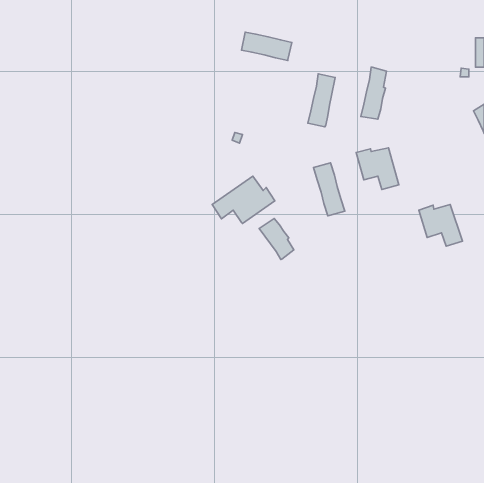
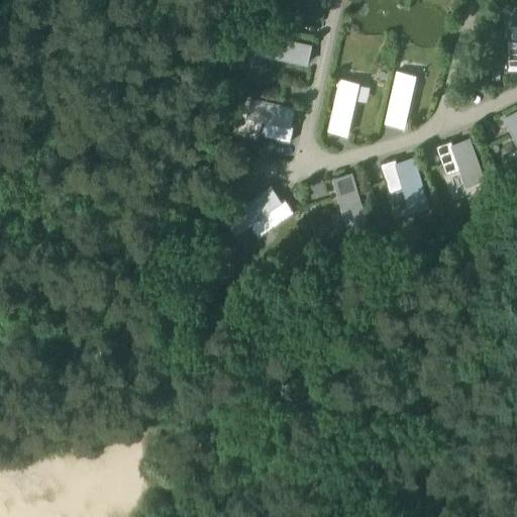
building: none -> [249,100,295,144]
building: [419,204,462,246] -> [436,138,483,183]
building: [259,219,294,260] -> none

